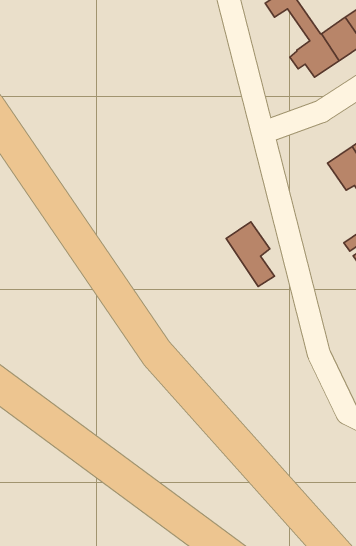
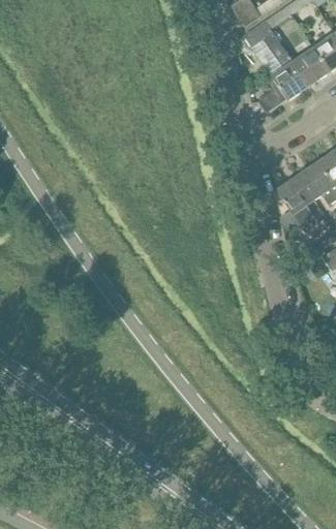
building: [226,222,274,287] -> [277,175,319,231]

